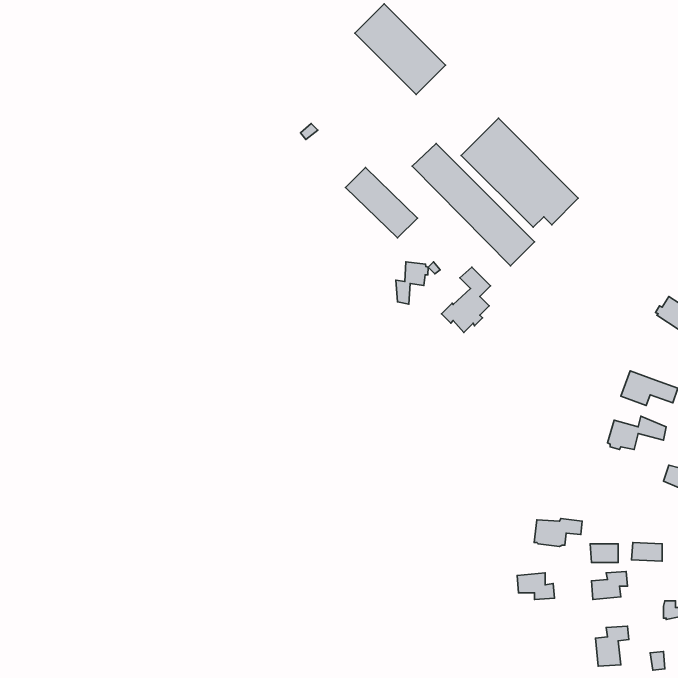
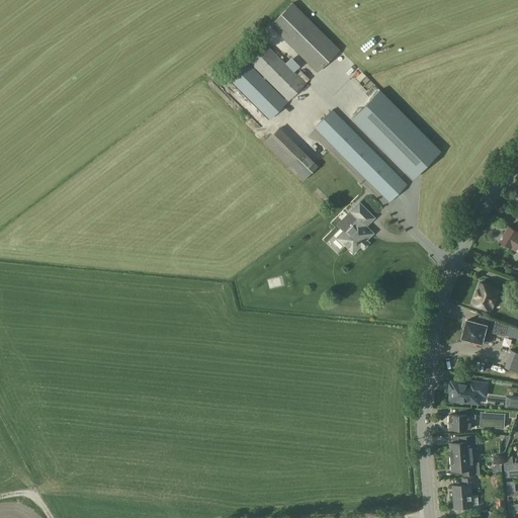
building: none -> [224,37,307,120]
building: [396,262,428,304] -> none
building: [534,519,582,546] -> [451,382,488,404]
building: [517,573,554,600] -> [452,455,481,476]

